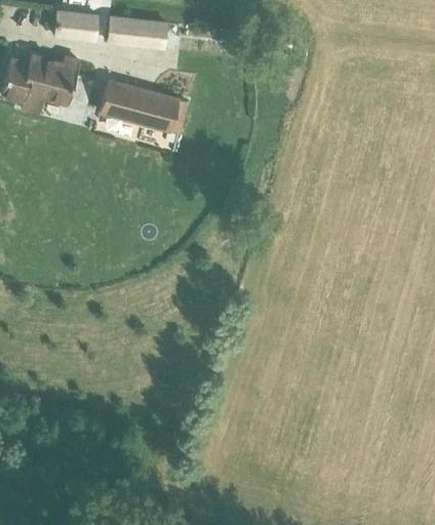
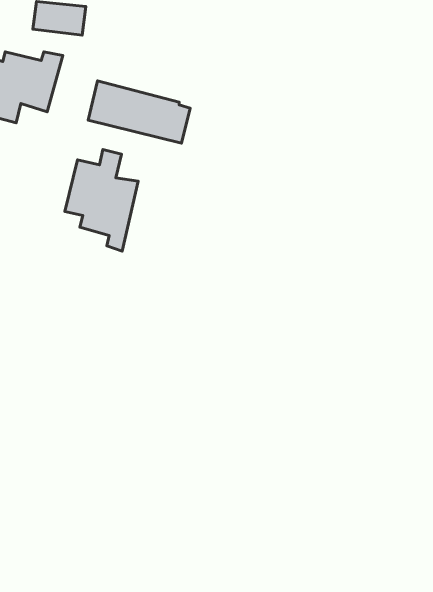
building: [104,15,166,50] -> none
building: none -> [65,150,138,251]

